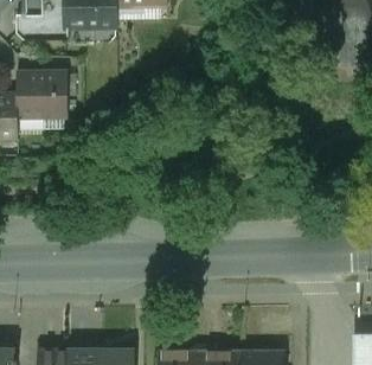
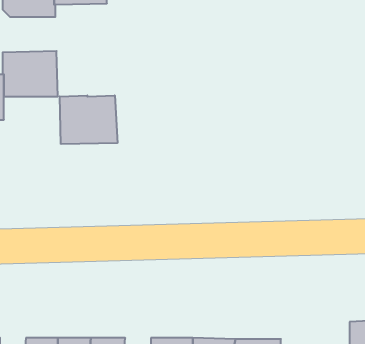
building: none -> [60,95,117,144]

